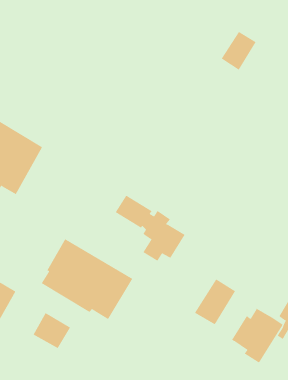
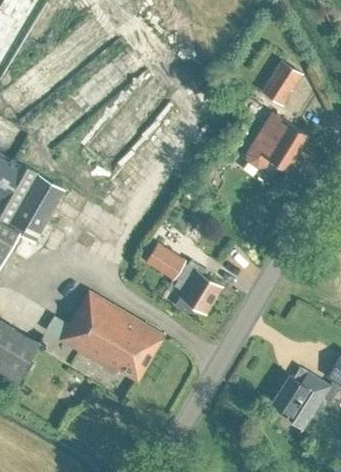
building: none -> [246,114,309,171]
building: [194,278,236,325] -> none
building: [33,312,71,349] -> none

